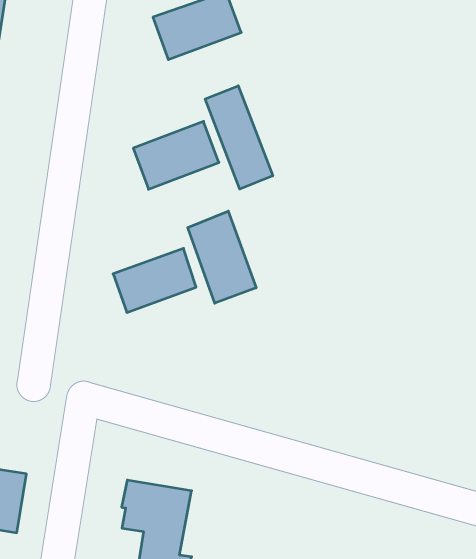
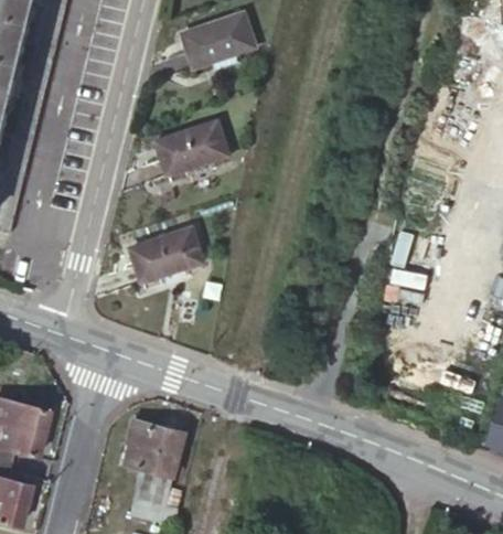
building: [205,86,273,189] -> none
building: [188,211,256,303] -> none

